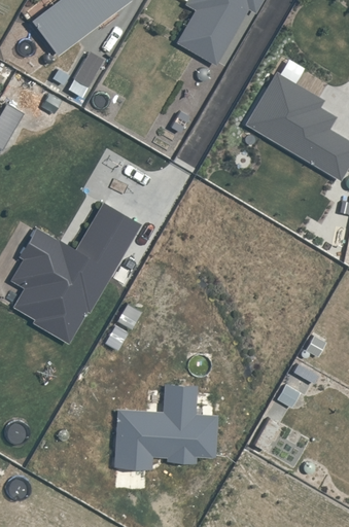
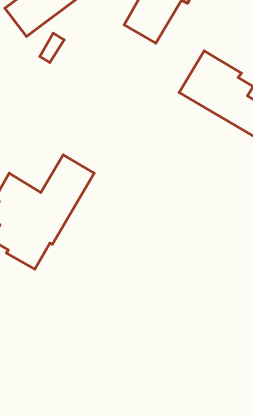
building: [114,383,217,469] -> none

